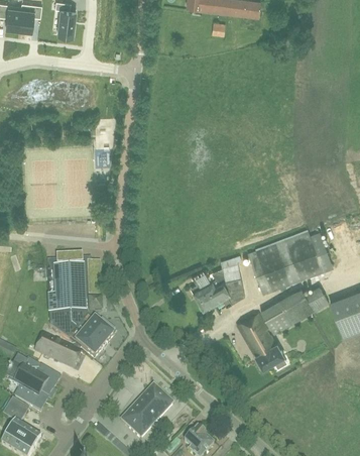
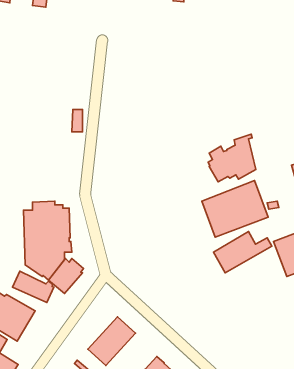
building: [192,255,245,309] -> [208,134,256,182]
building: [237,312,283,368] -> none

